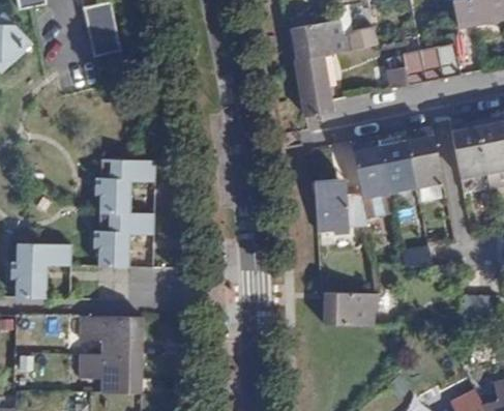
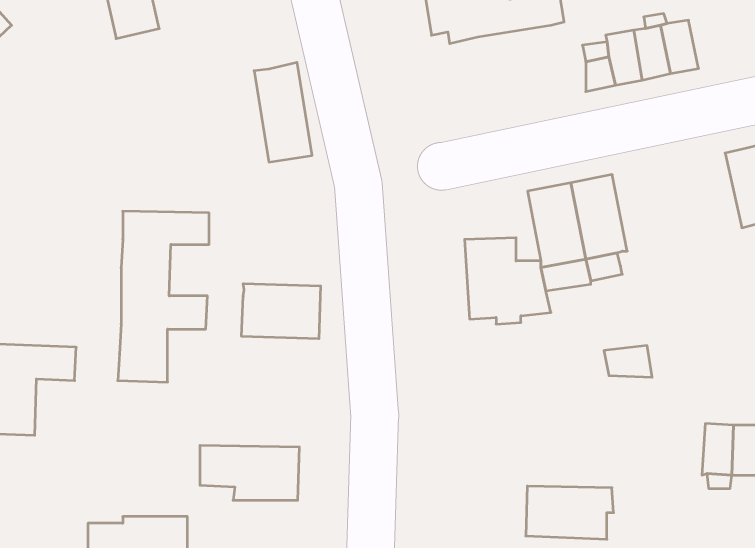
building: [295,53,331,115] -> [254,62,312,162]
building: [450,125,486,177] -> none
building: [406,134,442,186] -> none
building: none -> [242,284,321,339]
building: [323,291,378,324] -> [526,486,614,539]
building: [80,318,142,352] -> [200,445,299,500]

